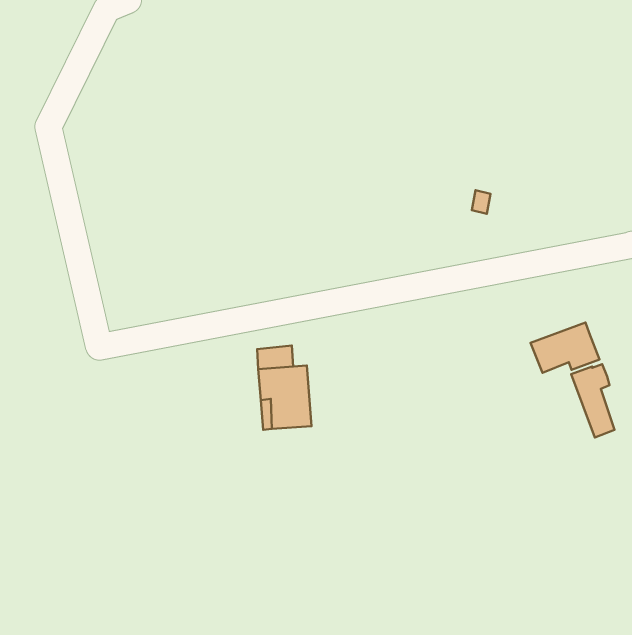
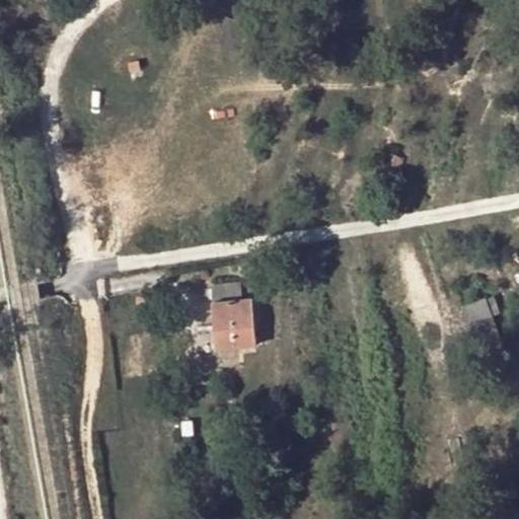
building: [530,322,599,373] -> none

